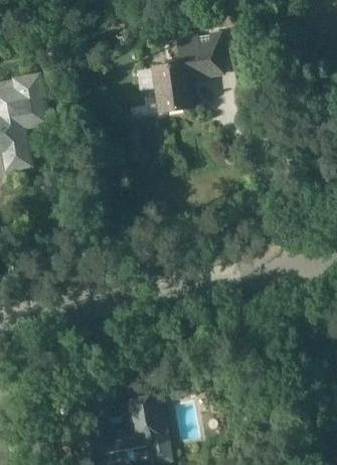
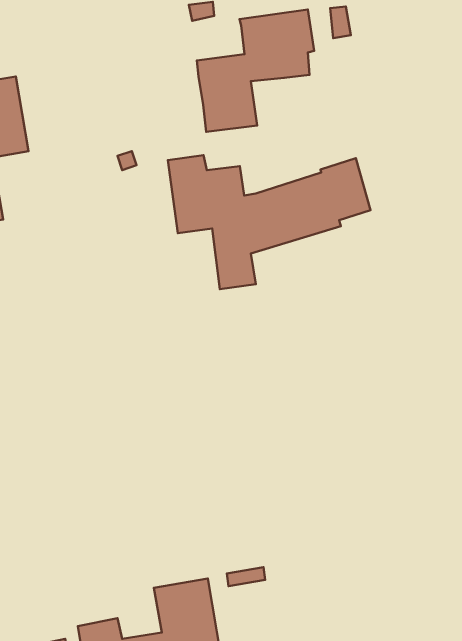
building: none -> [168,155,370,289]

